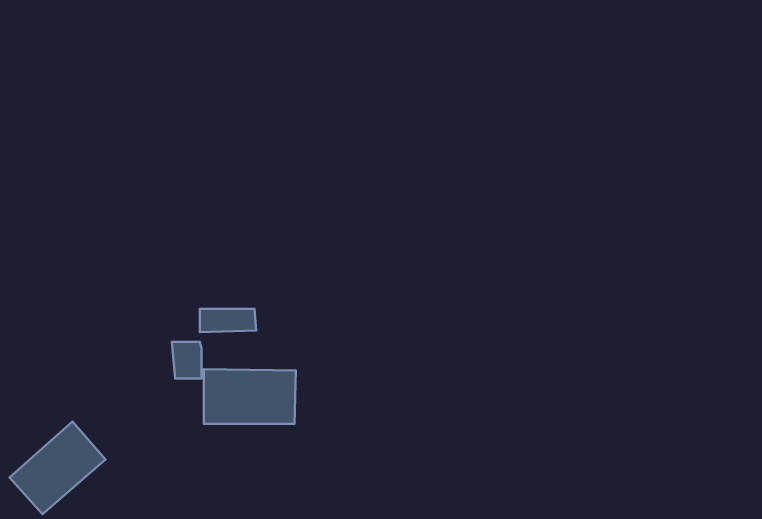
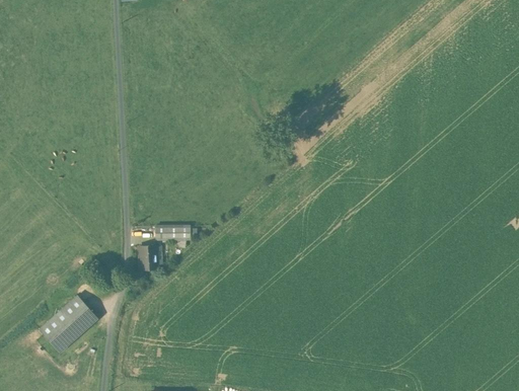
building: [204,369,296,424] -> none

